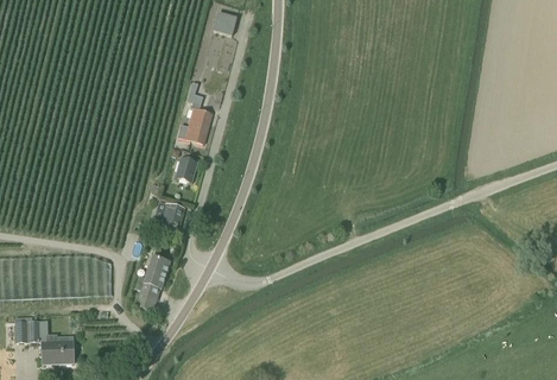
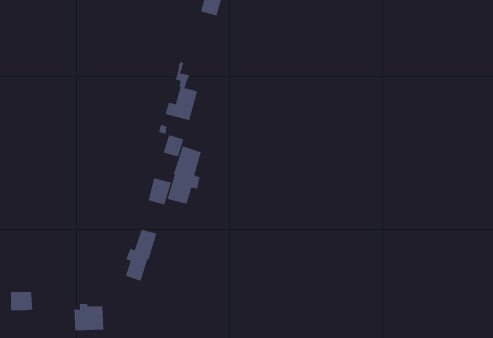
building: none -> [167,146,201,205]
building: [42,334,74,362] -> [73,304,104,331]

